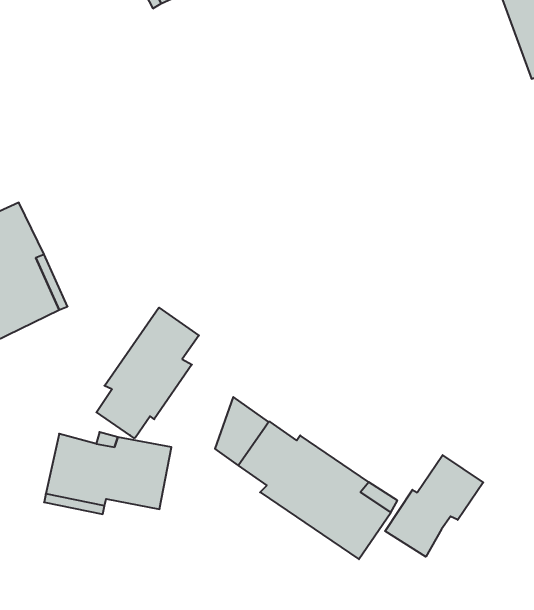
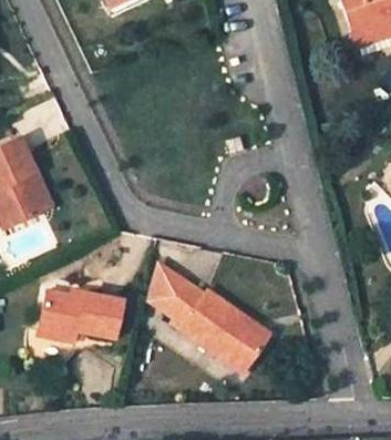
building: [96,308,199,438] -> none
building: [385,455,483,557] -> none

